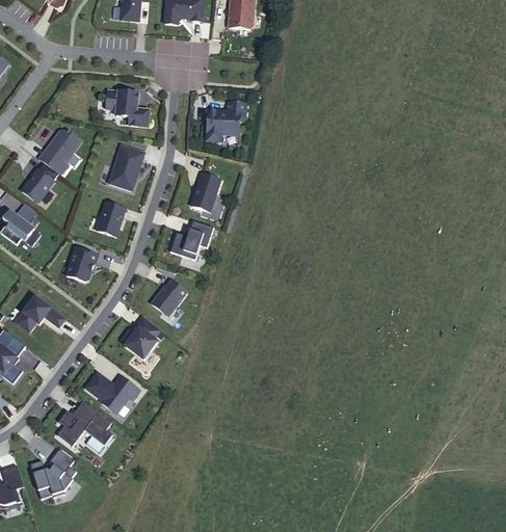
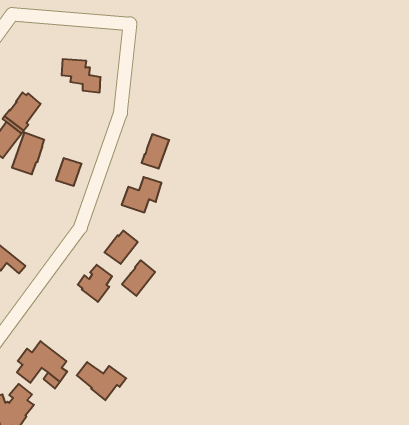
building: [204,94,245,134] -> none
building: [109,145,144,191] -> [12,132,44,174]
building: [66,248,98,282] -> none
building: none -> [122,260,155,296]
building: [84,372,138,414] -> [77,362,126,400]

